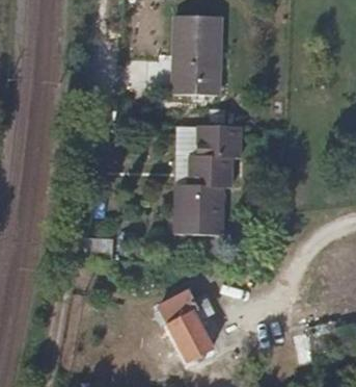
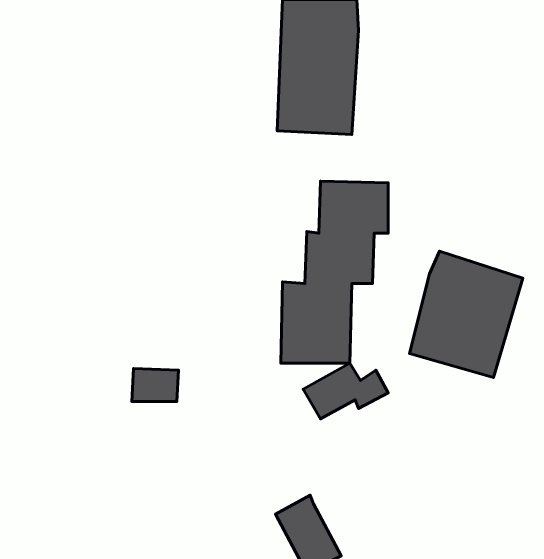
building: none -> [409,251,523,378]
building: [161,291,212,325] -> [303,363,388,419]

